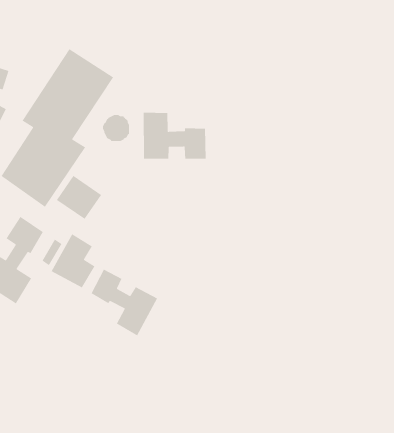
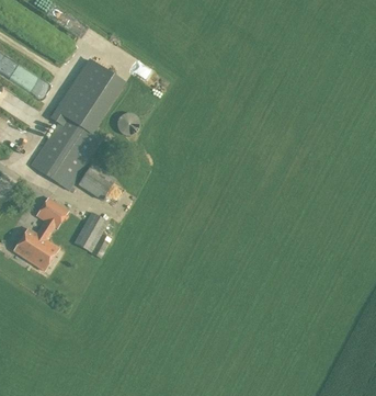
building: [143,112,206,160] -> none
building: [90,268,158,336] -> none

